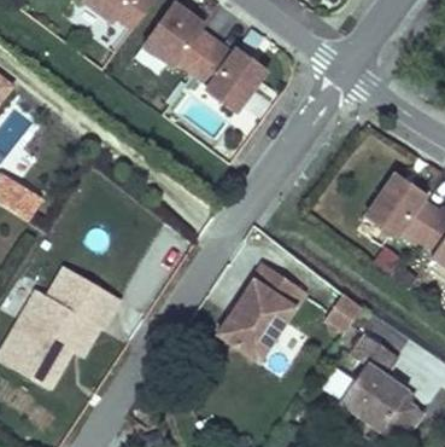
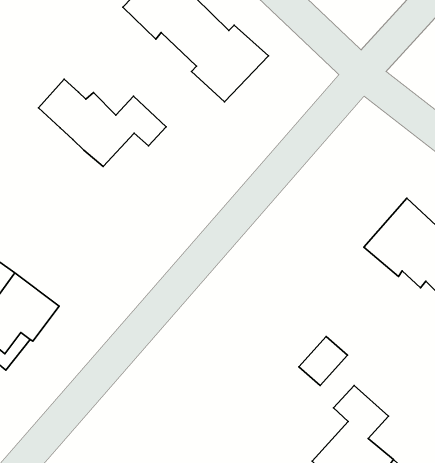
building: none -> [39,79,166,166]
building: [218,261,306,359] -> none

